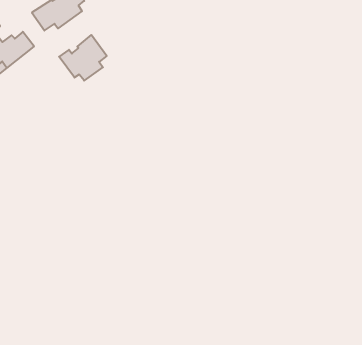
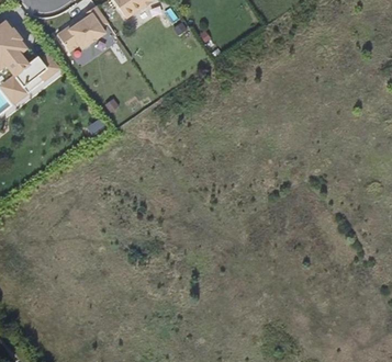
building: [59,35,107,81] -> none

